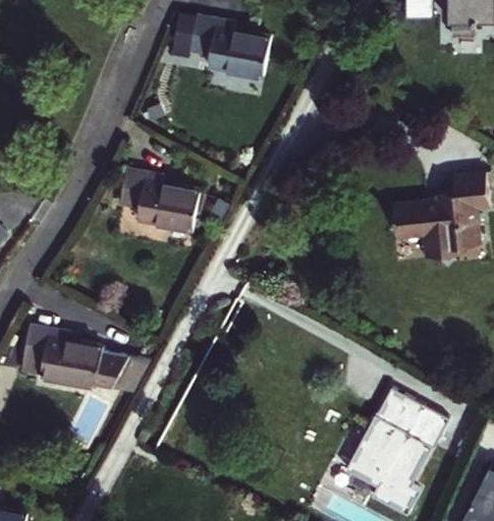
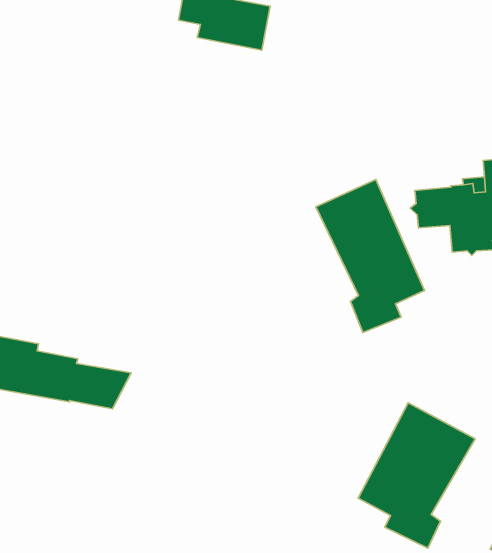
building: [118,171,199,230] -> none
building: none -> [316,180,425,332]

